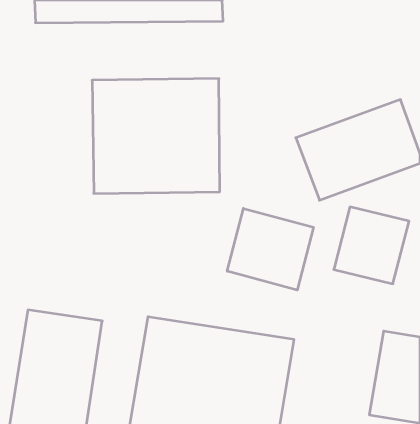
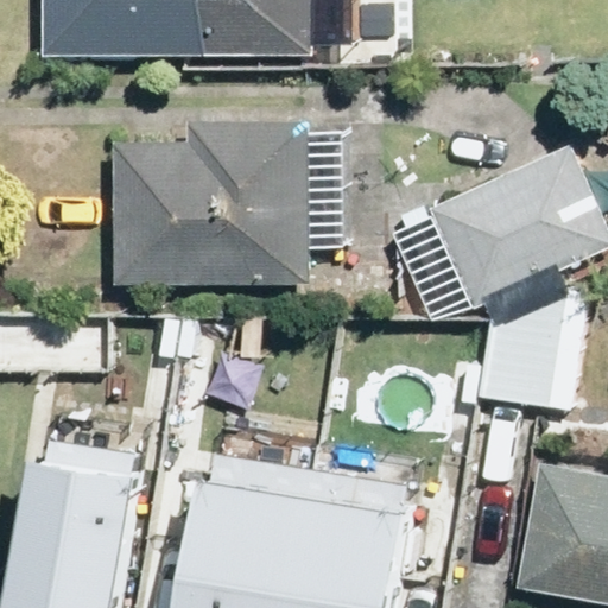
building: [227,208,313,290] -> none

